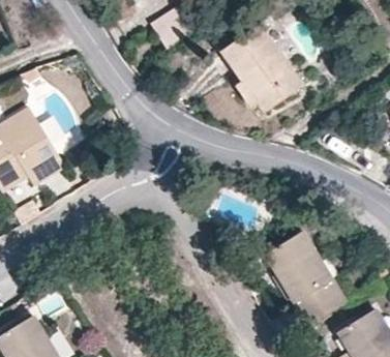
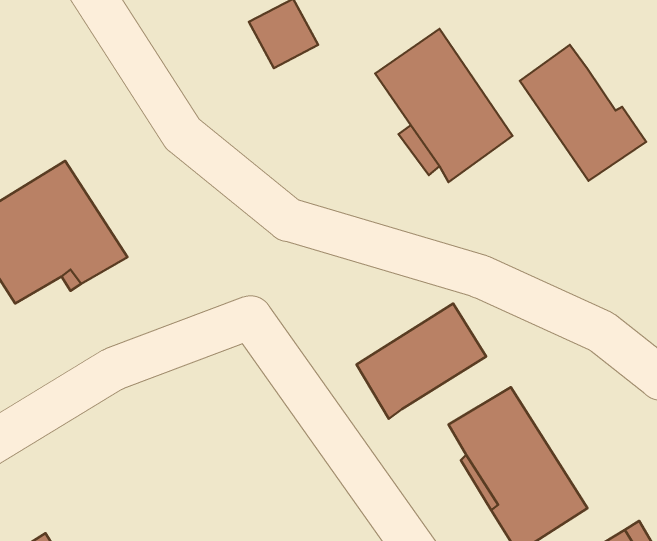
building: none -> [520,45,646,181]
building: none -> [357,303,486,419]

